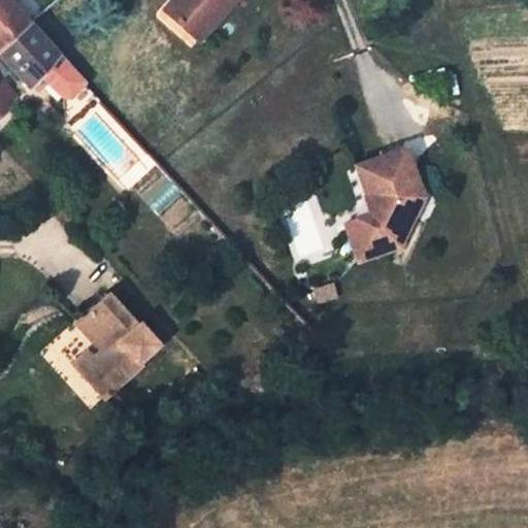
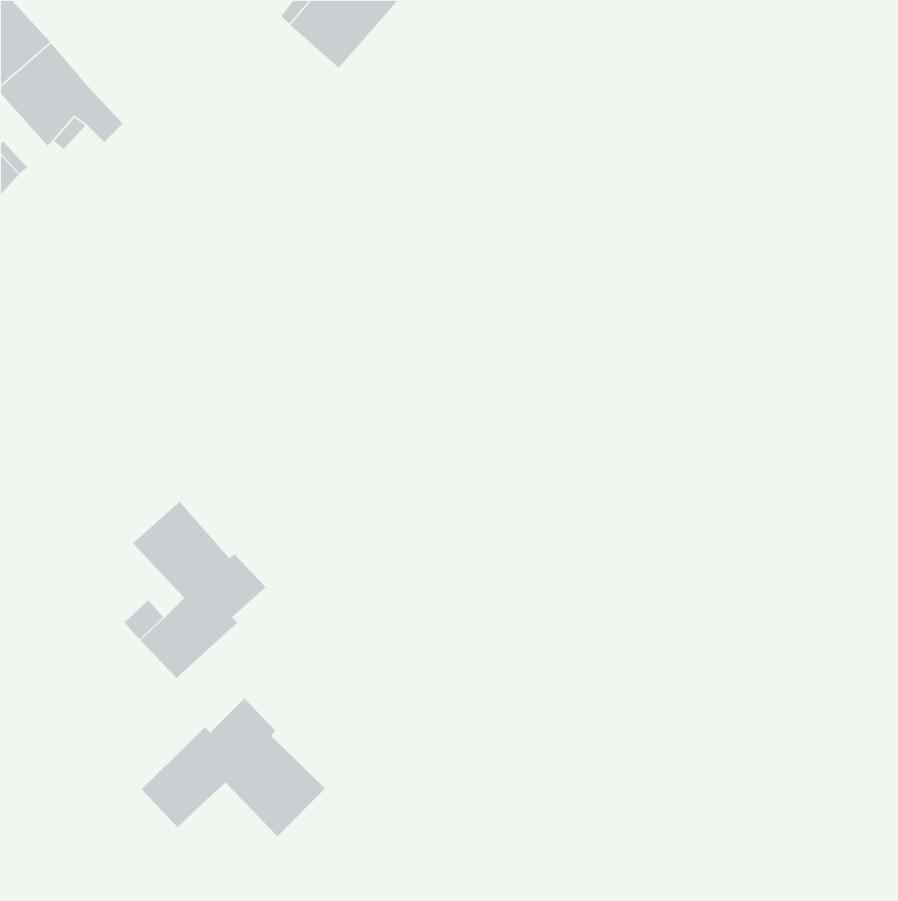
building: [343,154,416,256] -> none
building: none -> [141,697,326,837]

